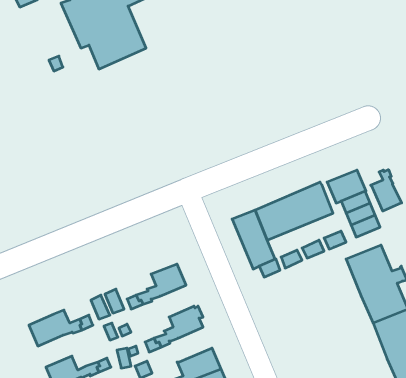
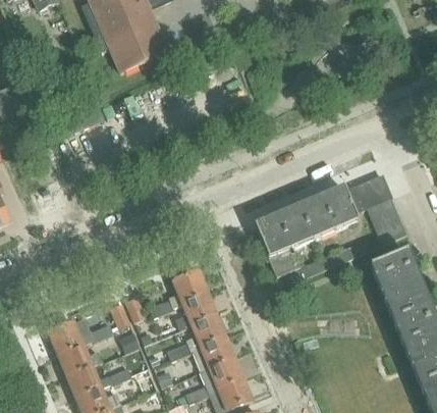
building: [371,170,402,211] -> none
building: none -> [175,292,217,328]
building: none -> [193,334,235,370]
building: none -> [58,343,103,375]

